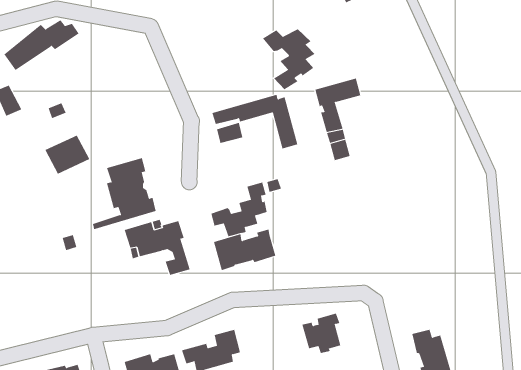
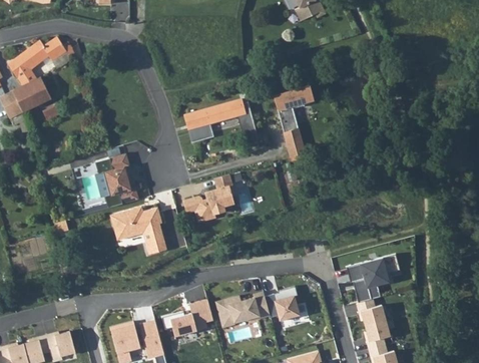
building: [262,28,315,90] -> none
building: [45,135,90,174] -> [12,78,51,112]
building: [213,229,276,271] -> [213,292,268,328]
building: none -> [344,254,398,303]

